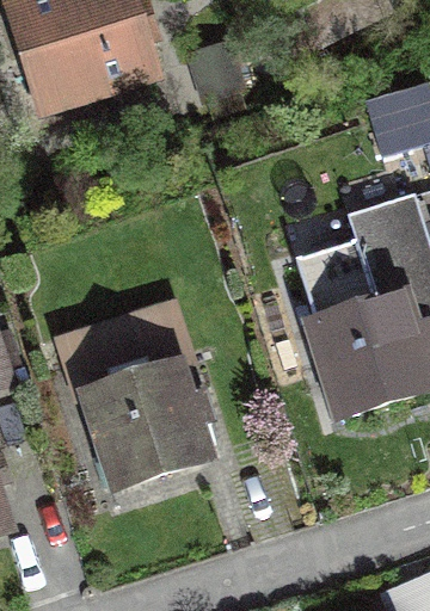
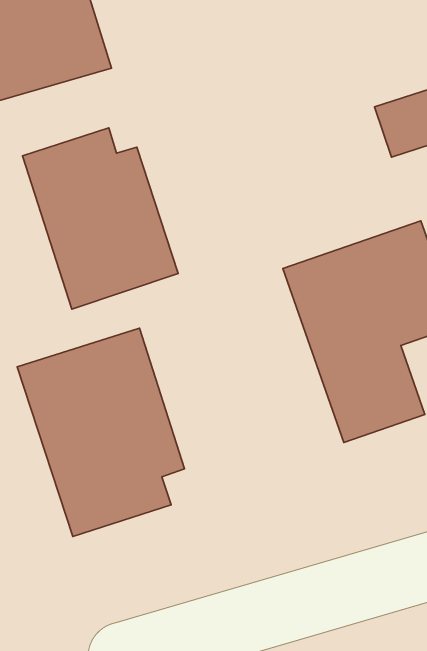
building: none -> [23,128,178,309]

